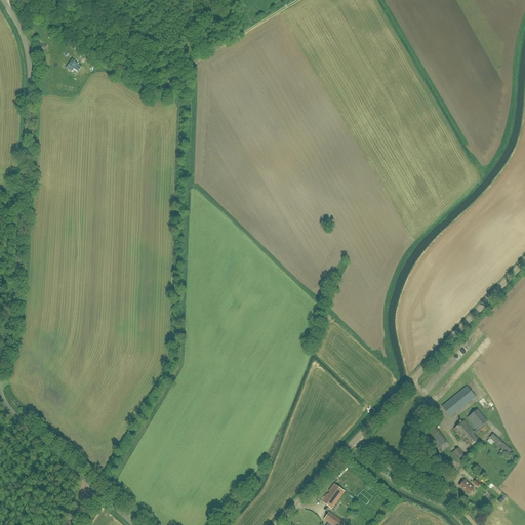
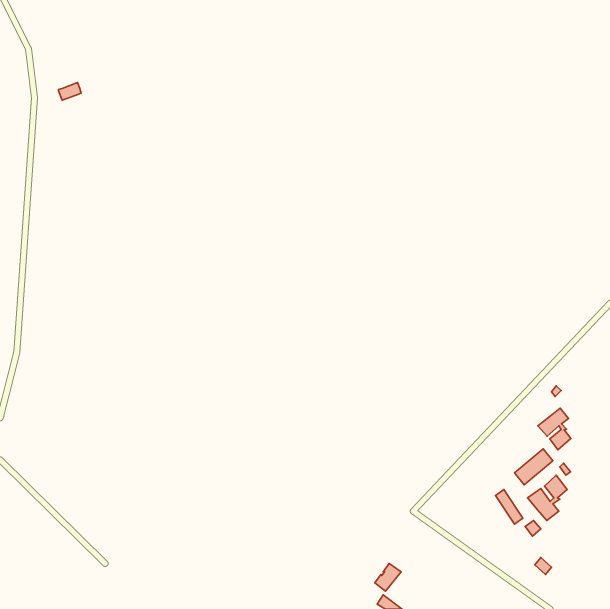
building: none -> [538,408,571,450]

